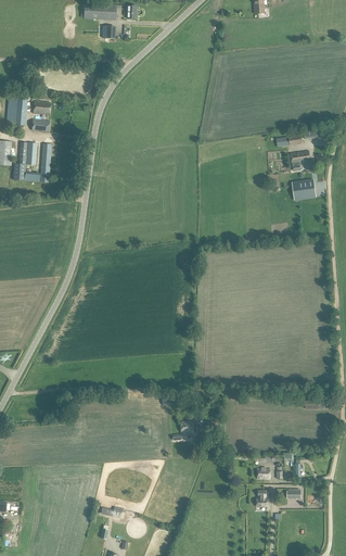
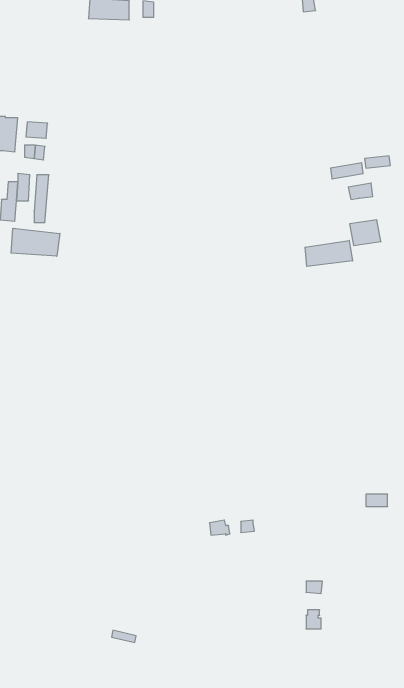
building: none -> [11,228,60,256]
building: none -> [305,240,352,266]

